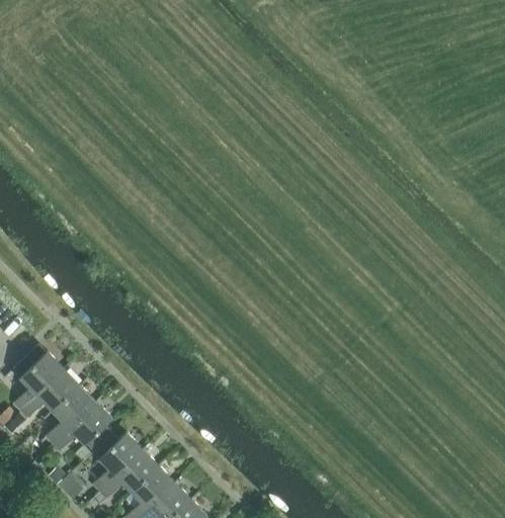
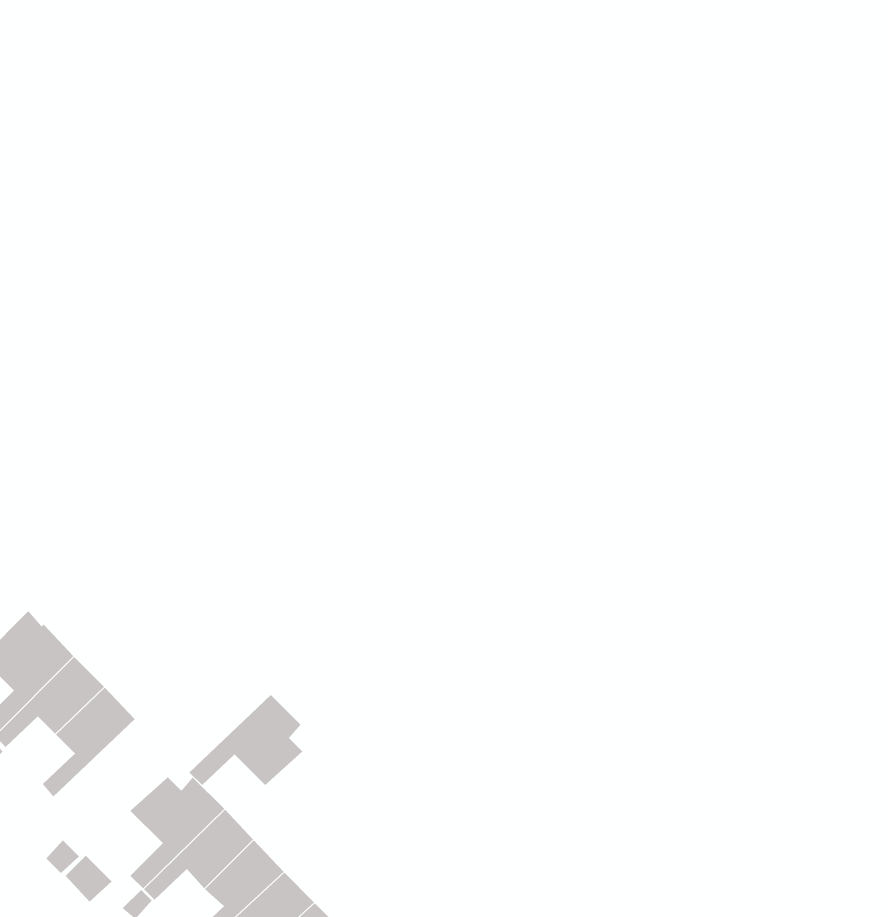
building: [52,403,112,451] -> [189,694,303,786]

